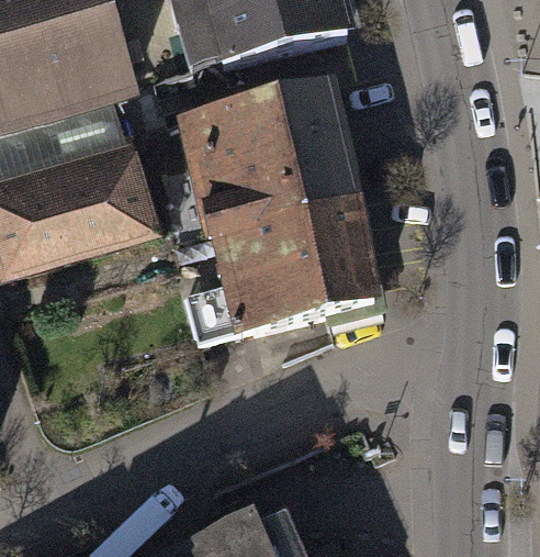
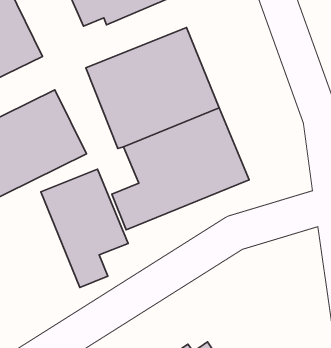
building: none -> [41,169,128,287]

